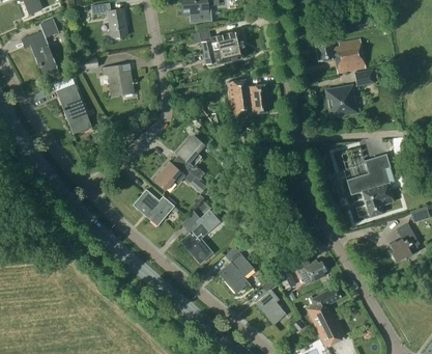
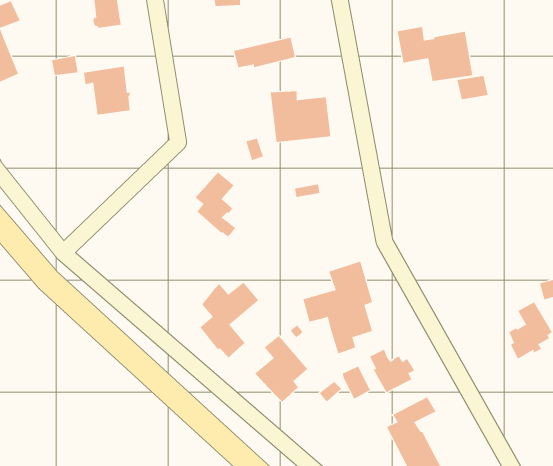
building: [199,30,242,53] -> none
building: [57,84,91,134] -> none
building: [326,86,357,117] -> none
building: [347,154,395,217] -> [303,261,373,354]
building: [154,162,196,190] -> none
building: [133,189,174,226] -> none
building: [256,290,285,323] -> none

